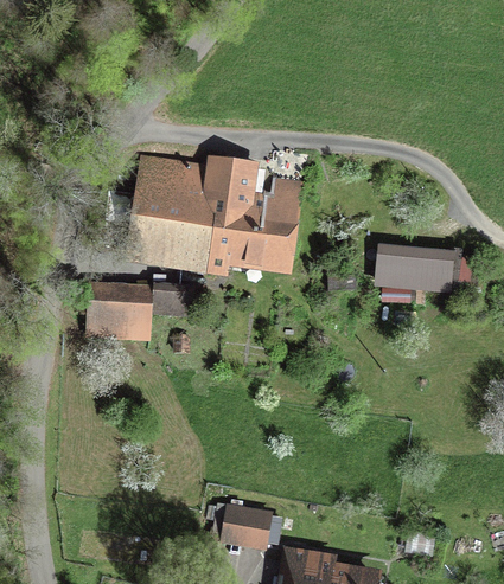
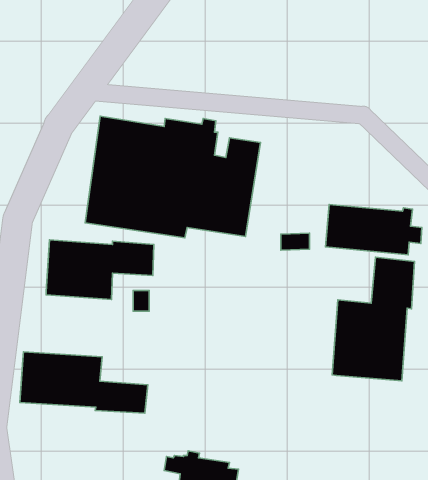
building: none -> [332,257,414,381]
building: none -> [20,352,148,413]

